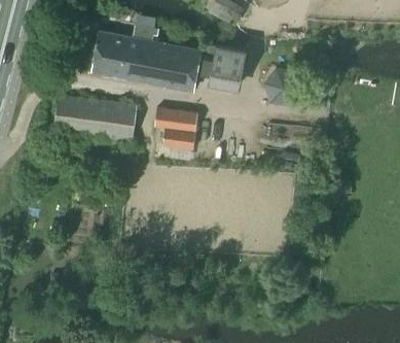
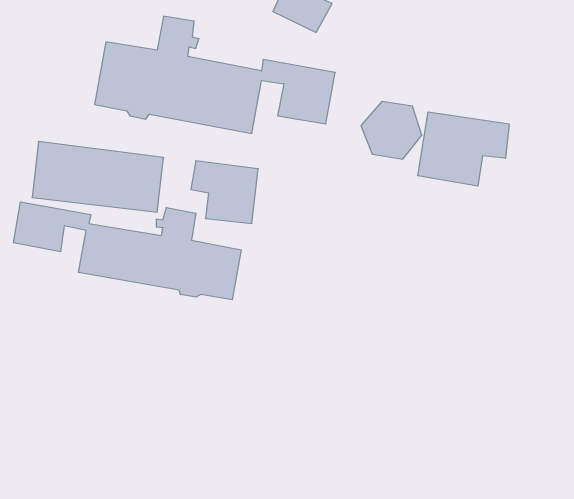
building: none -> [418,112,509,186]
building: none -> [14,202,241,300]

